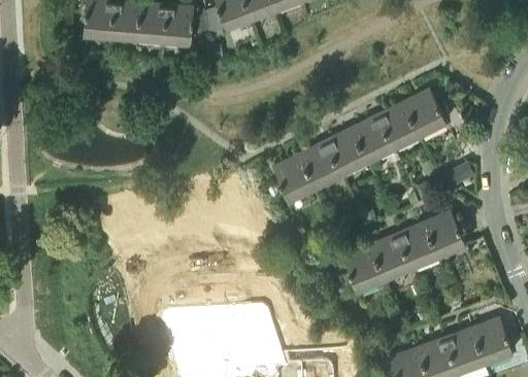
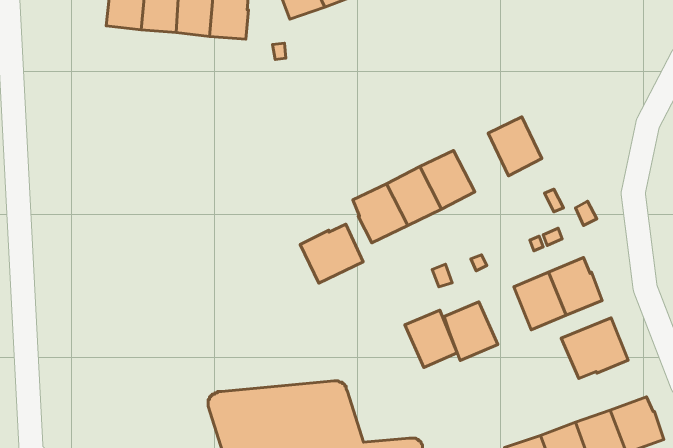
building: [404,90,447,135] -> none
building: [352,115,394,161] -> none
building: none -> [300,224,363,283]
building: [371,234,411,278] -> [405,310,457,368]
building: none -> [561,318,628,379]

